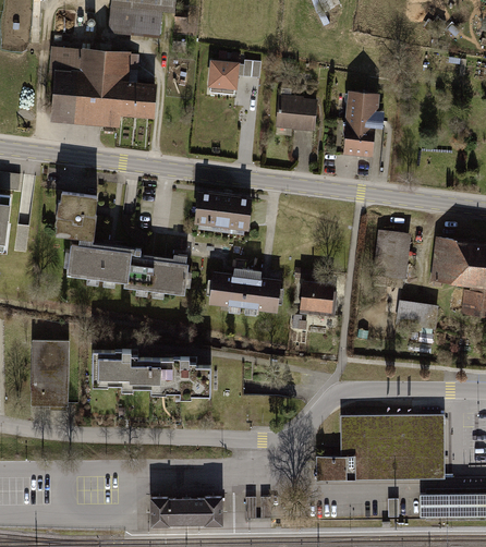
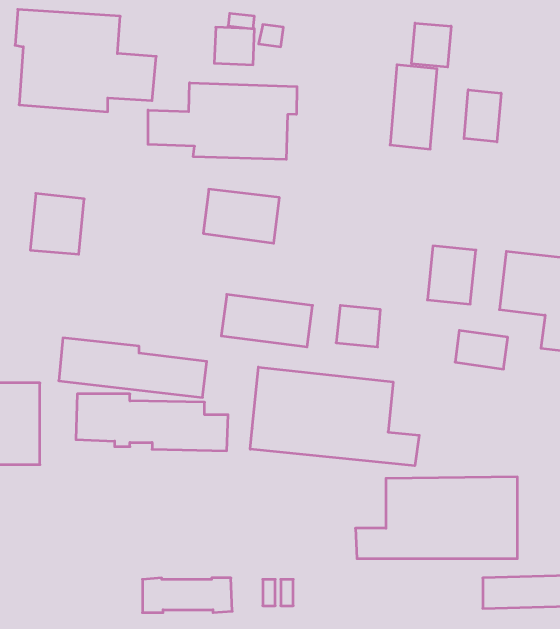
building: none -> [412,23,451,67]
building: [275,95,317,131] -> none
building: none -> [148,83,297,159]
building: none -> [464,90,501,142]
building: [72,242,189,289] -> [59,338,207,397]
building: none -> [250,367,419,466]

